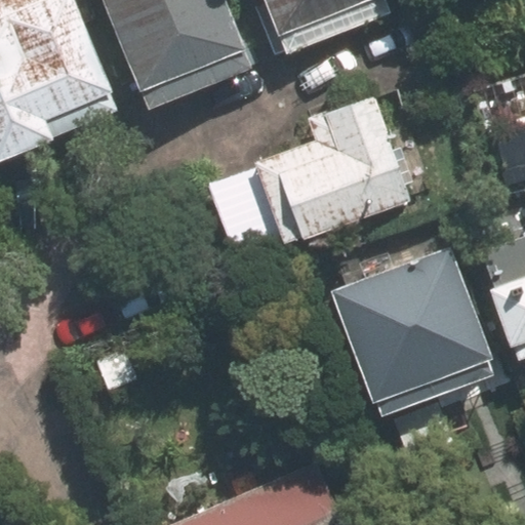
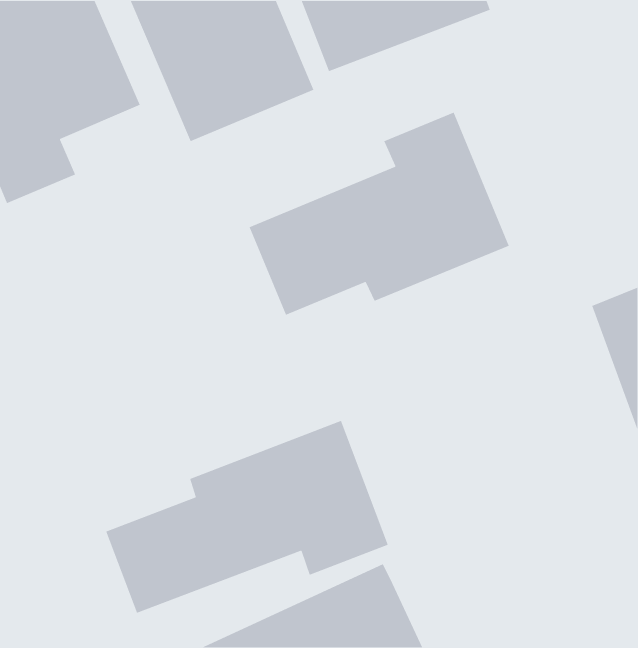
building: [333,243,498,420] -> none
building: none -> [105,420,389,614]

